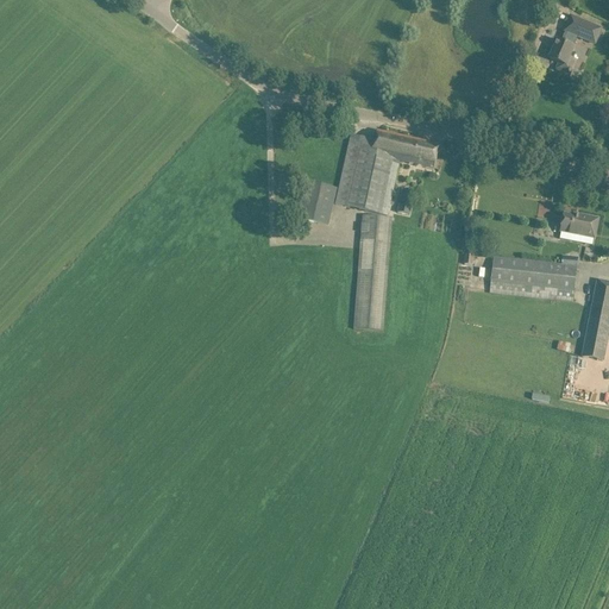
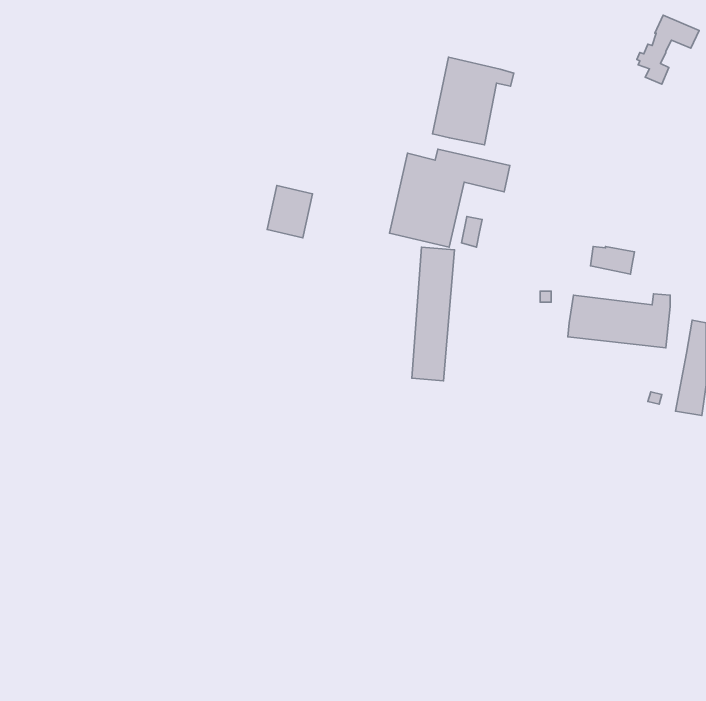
building: none -> [432,57,514,145]
building: [297,178,337,224] -> [267,185,313,238]
building: [560,212,598,236] -> [590,246,635,274]

